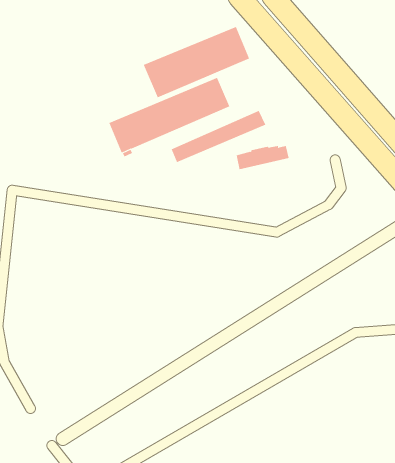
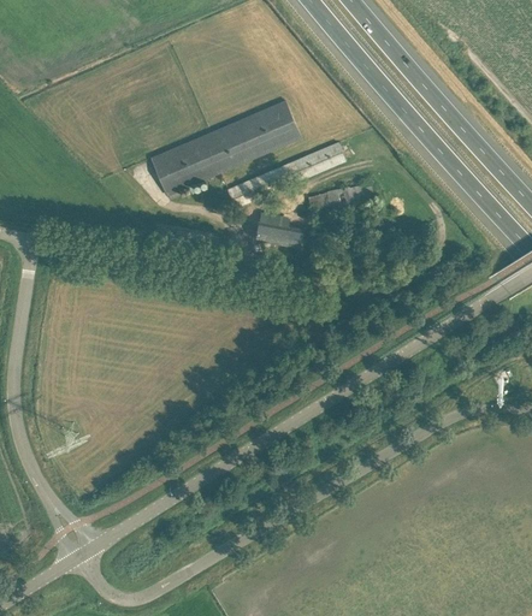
building: [143,26,250,98] -> none
building: none -> [246,211,303,248]

